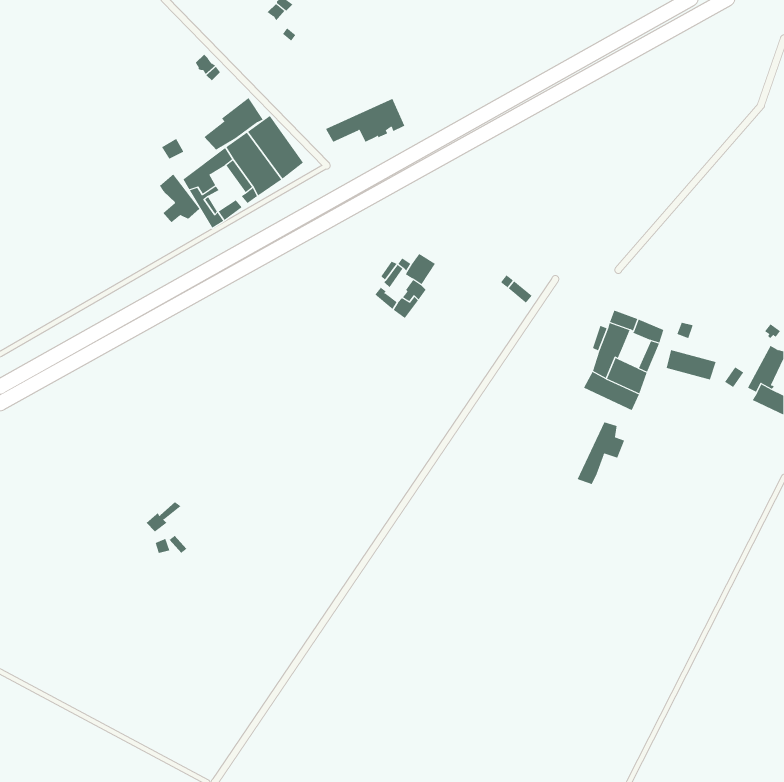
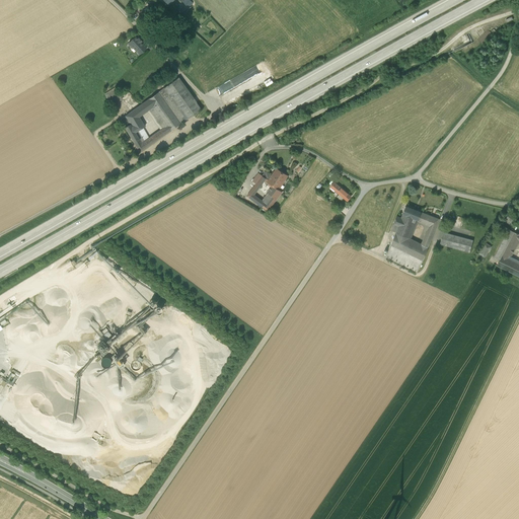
building: [204,97,264,151] -> none
building: [159,173,200,223] -> none
building: [577,421,625,485] -> none

